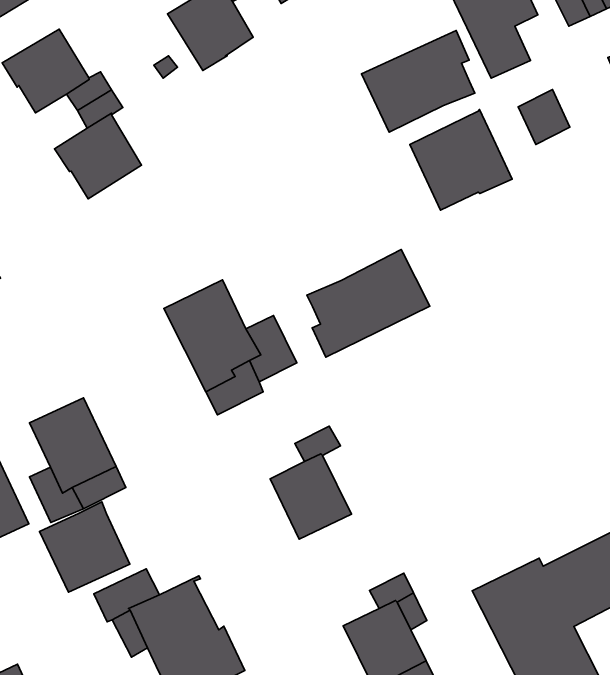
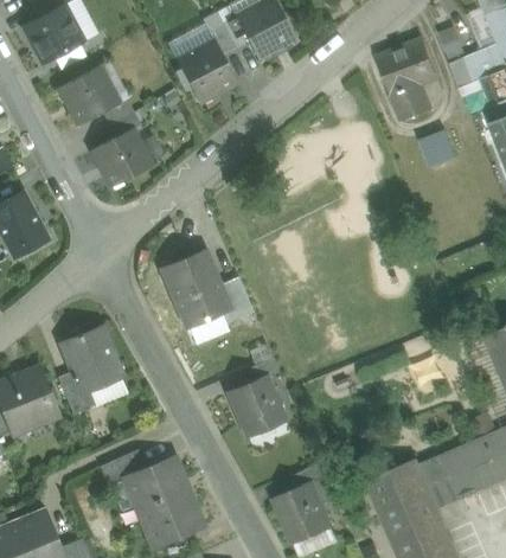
building: [361,30,475,132] -> none
building: [410,109,512,210] -> none
building: [307,250,430,357] -> none
building: [40,502,130,592] -> none

